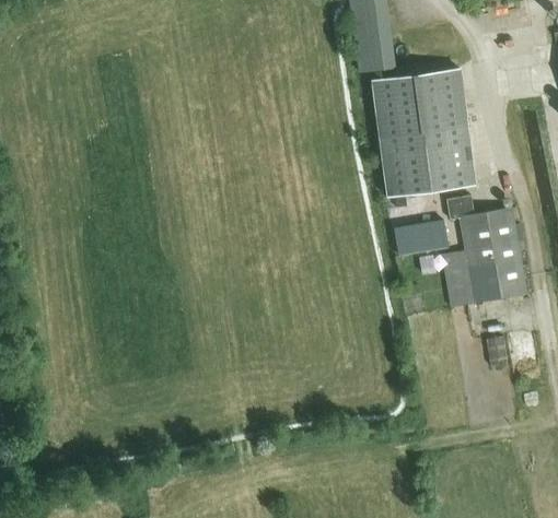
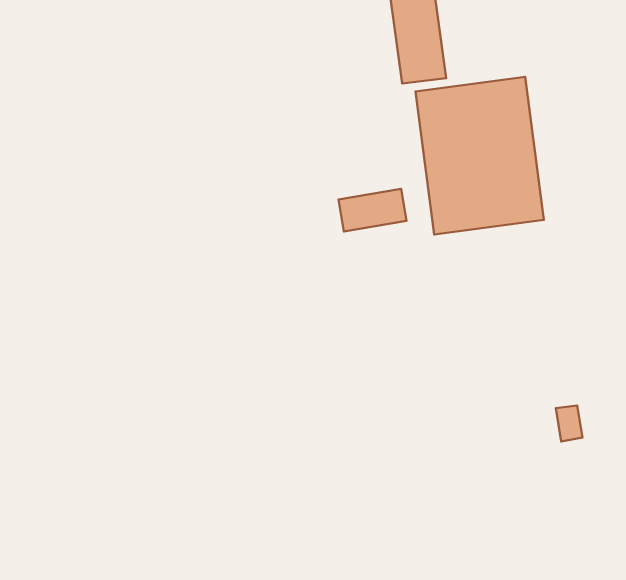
building: [441,195,527,307] -> none
building: [384,222,440,257] -> [338,189,407,232]

